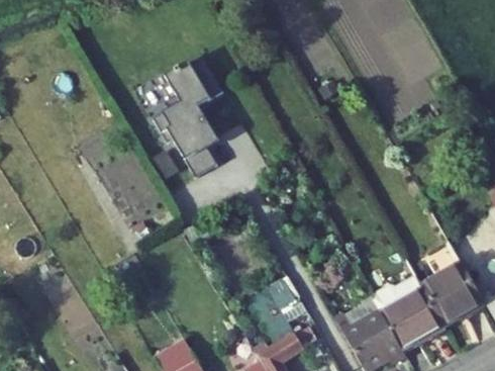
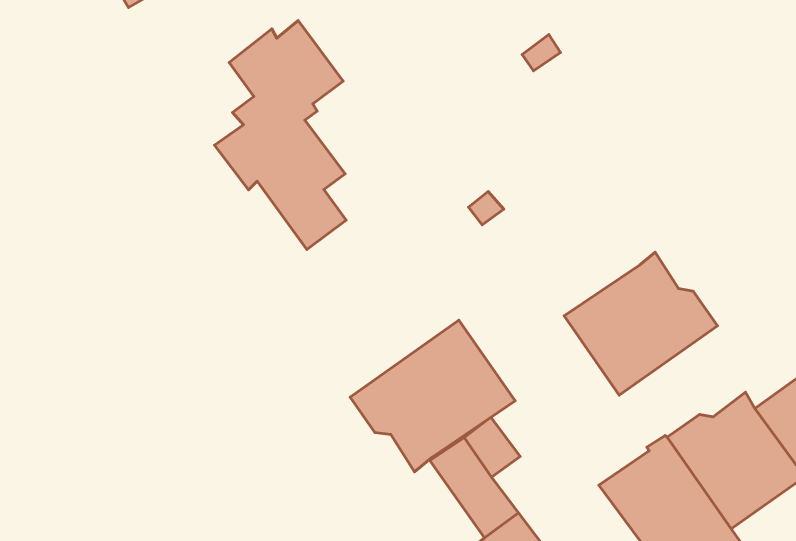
building: none -> [564,252,717,395]
building: none -> [350,320,515,472]

